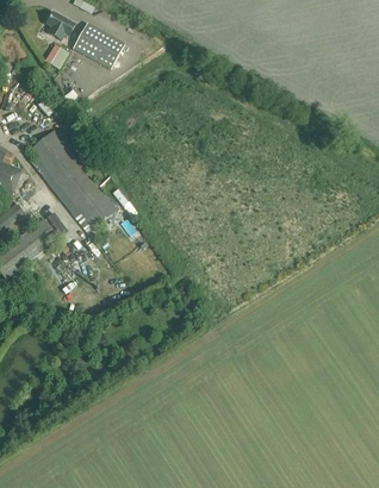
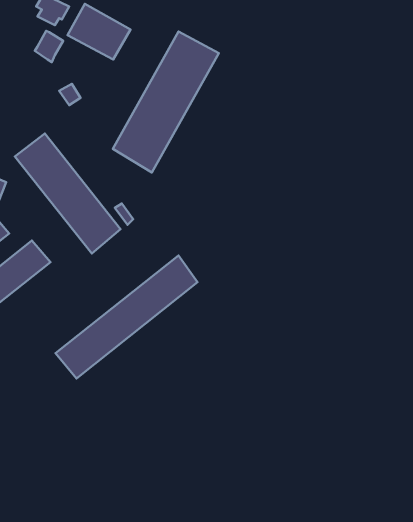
building: none -> [113,31,219,172]
building: none -> [55,256,197,378]

